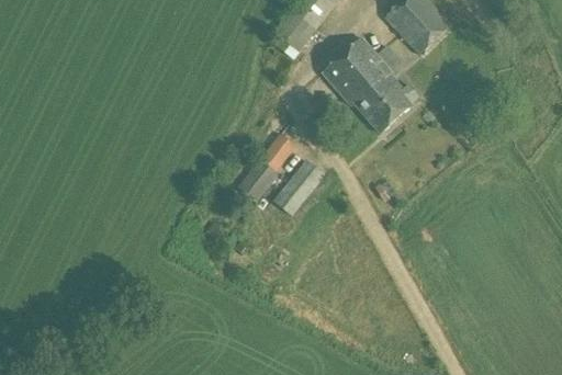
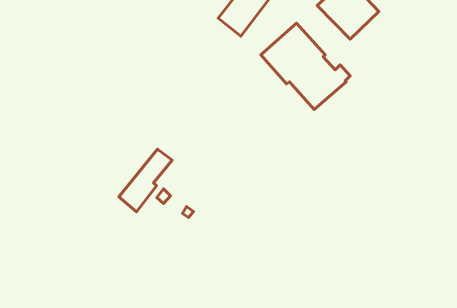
building: [236,133,295,202] -> [119,149,172,212]
building: [271,158,324,215] -> none

